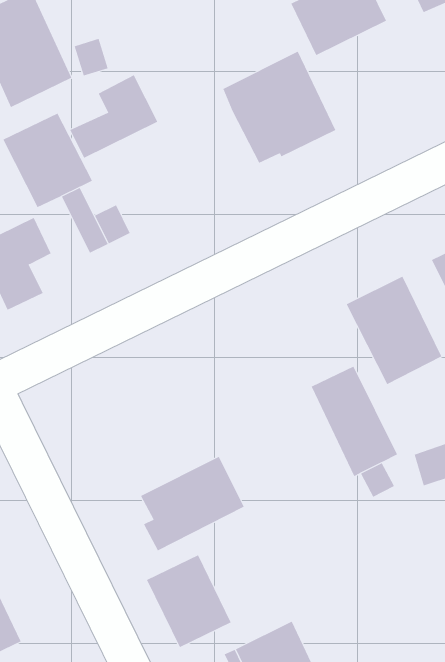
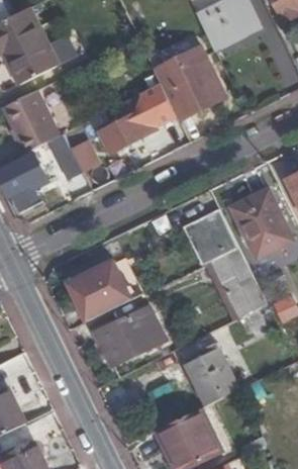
building: [69,74,158,158] -> [105,102,162,156]
building: none -> [180,210,236,266]
building: none -> [63,255,133,321]
building: [146,555,232,648] -> [182,347,236,406]

